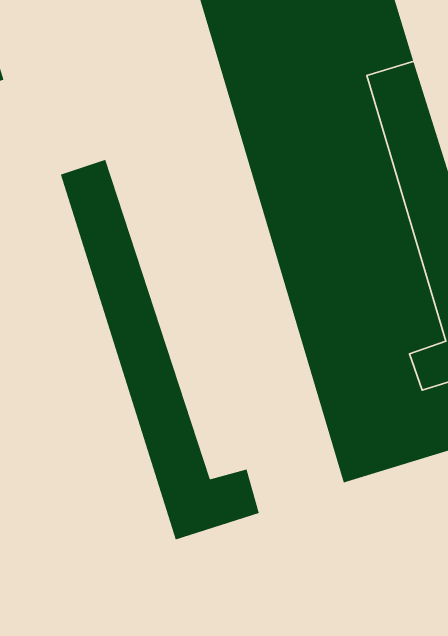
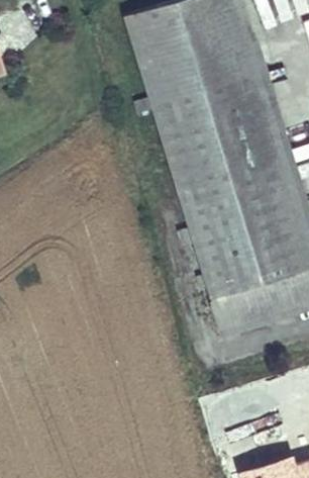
building: [60,159,260,541] -> none

